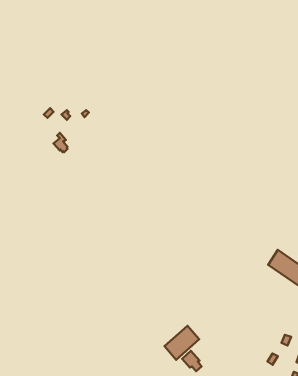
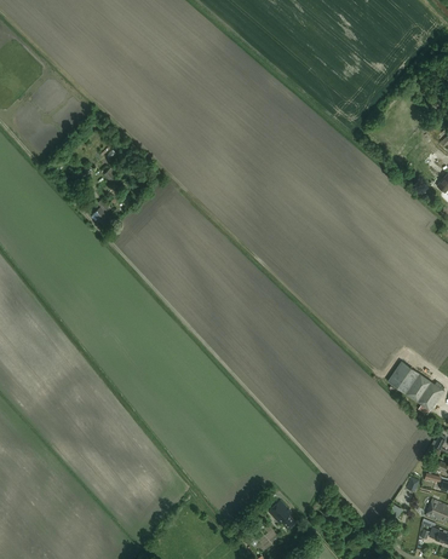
building: [165,326,199,360] -> none

